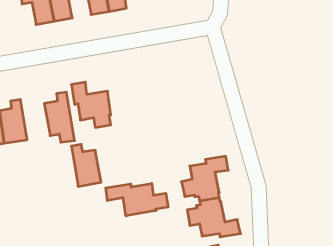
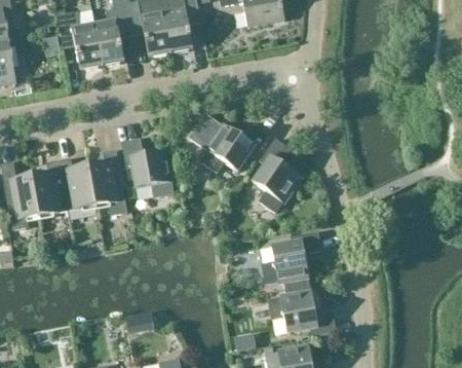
building: none -> [191,115,269,172]
building: none -> [253,139,303,212]
building: [71,144,101,186] -> [60,159,97,212]
building: [106,183,168,216] -> none

